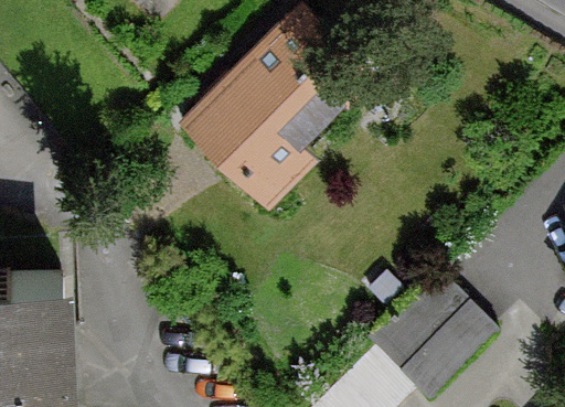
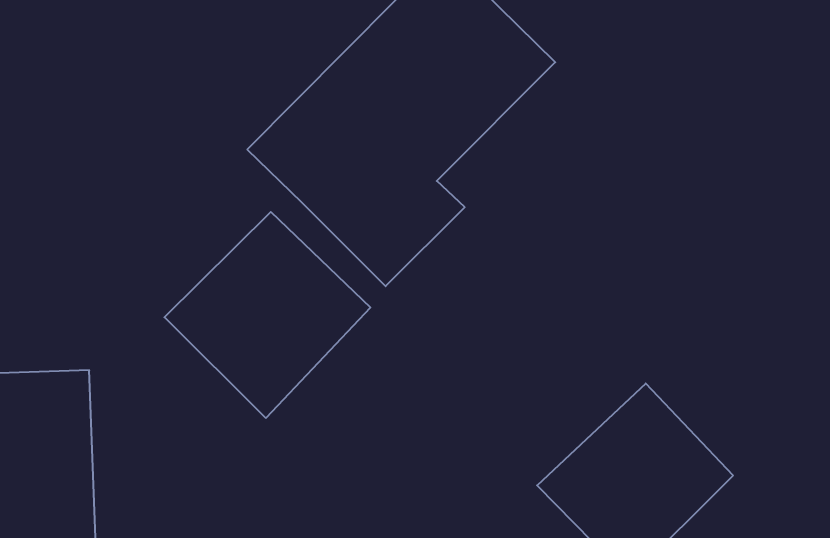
building: none -> [164,212,370,418]

